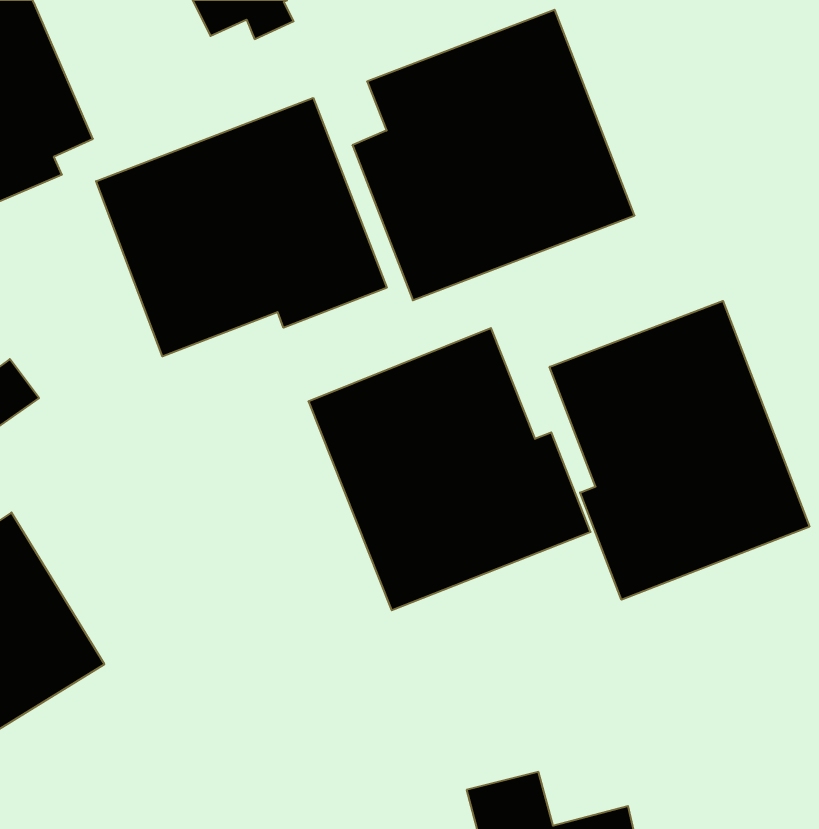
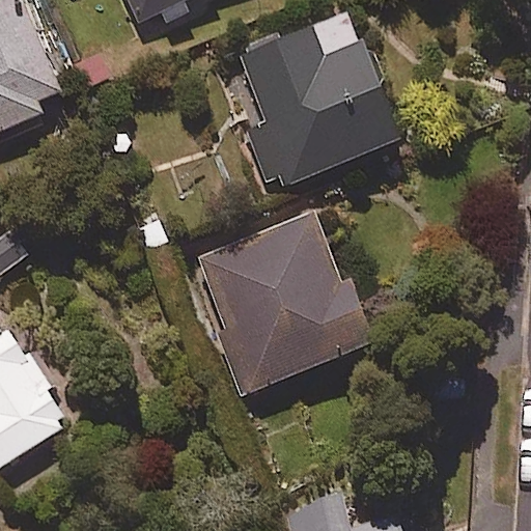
building: [96,98,387,356] -> none
building: [550,301,809,600] -> none

